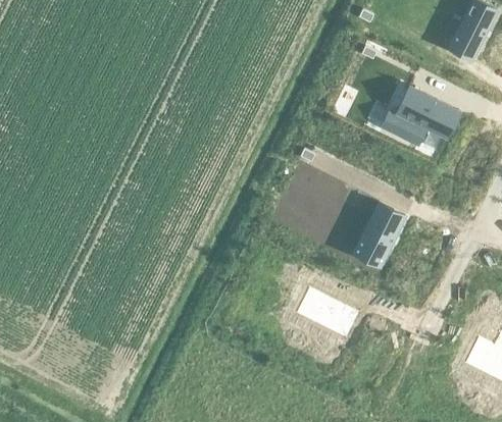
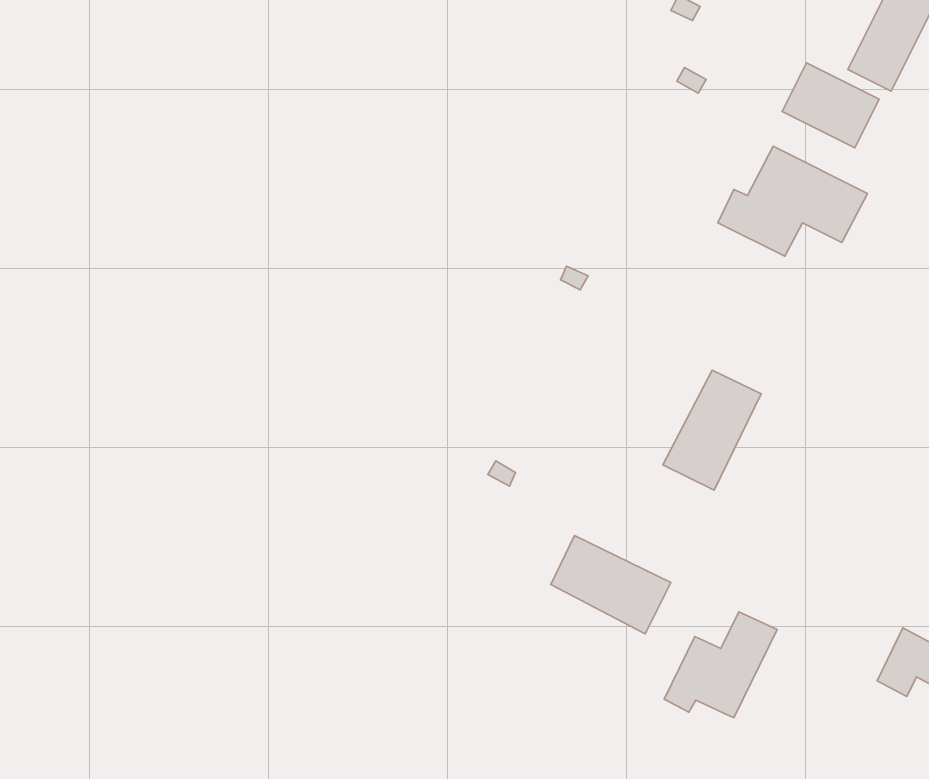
building: none -> [782,63,879,148]
building: none -> [664,612,777,718]

